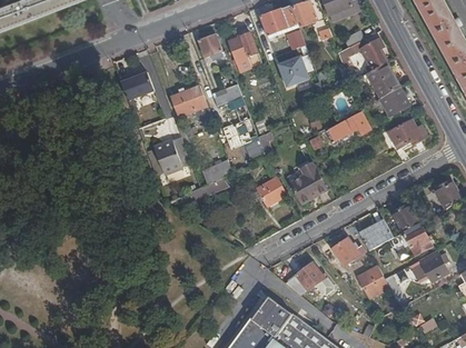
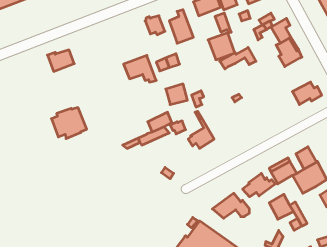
building: [119,74,153,102] -> [47,50,74,71]
building: [369,89,407,116] -> none
building: [324,112,370,140] -> [220,47,256,69]
building: [145,136,190,176] -> [51,108,87,139]
building: [289,162,326,202] -> none

